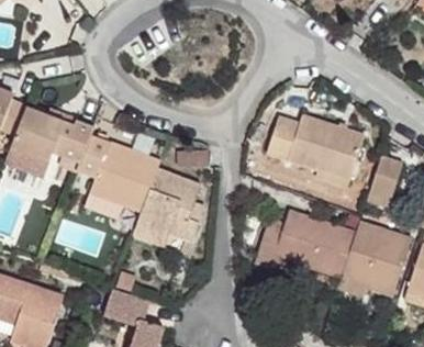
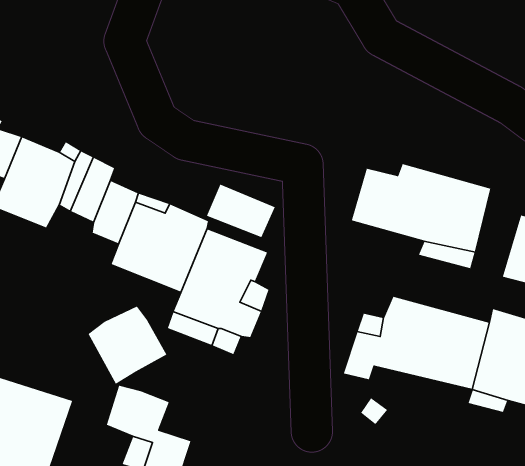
building: none -> [87,305,168,385]

